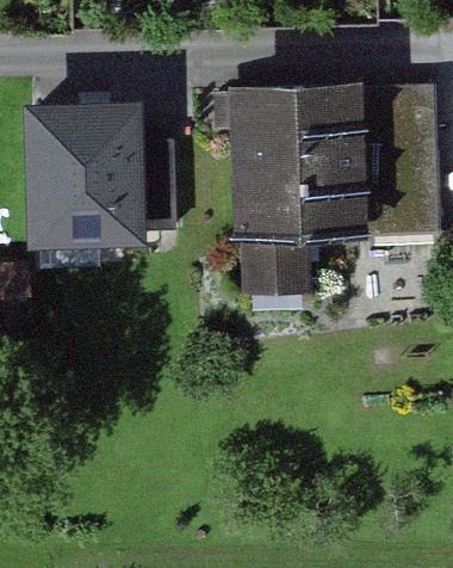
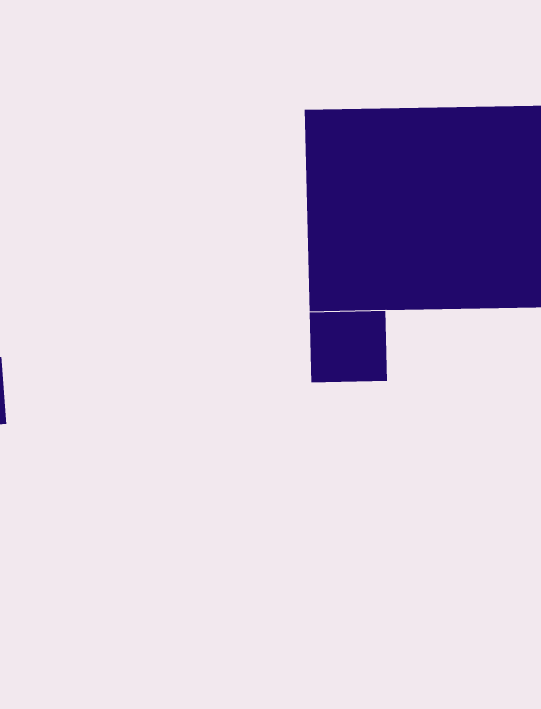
building: [30,107,167,233] -> none

